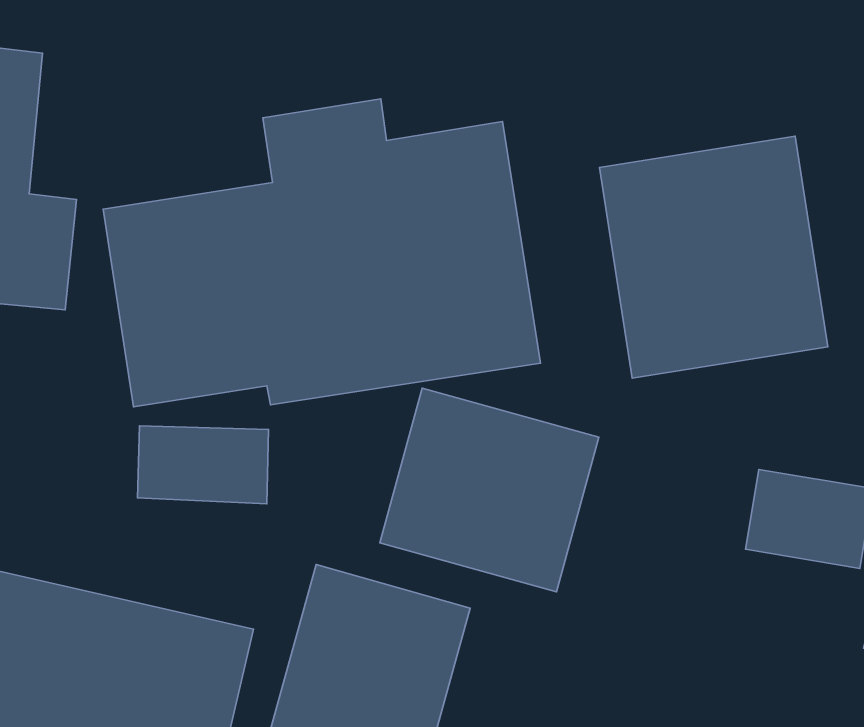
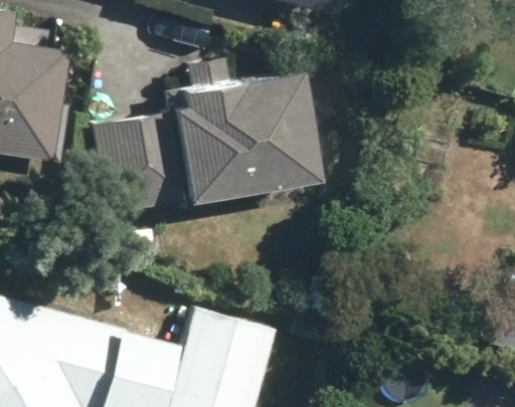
building: [599,136,828,378] -> none
building: [380,388,599,592] -> none

